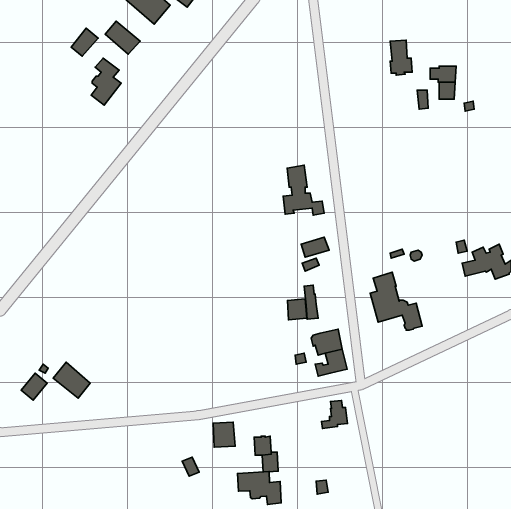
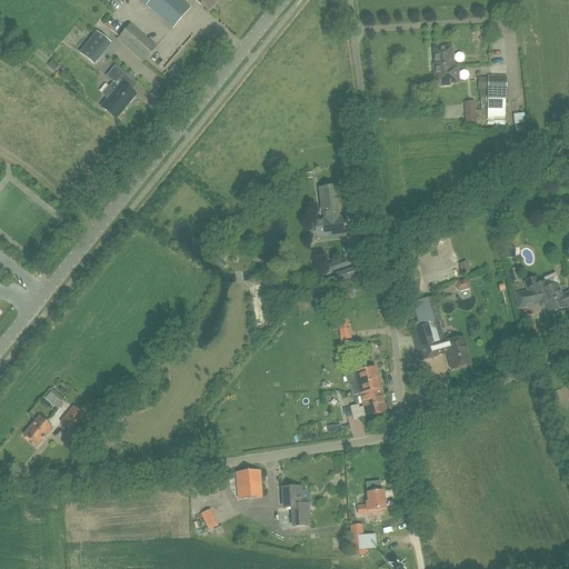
building: [288,299,307,320] -> none
building: [322,400,348,428] -> [357,481,386,512]
building: [237,472,281,505] -> none

